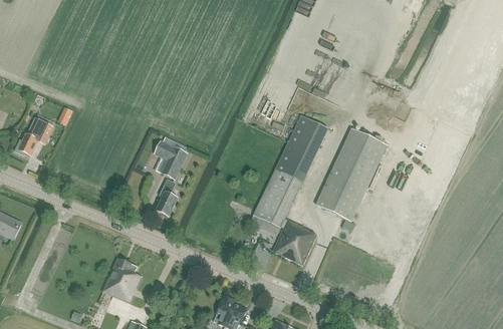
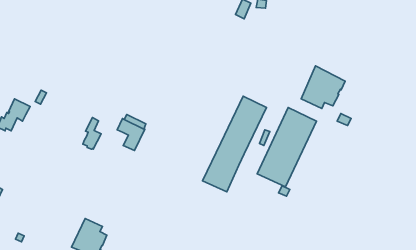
building: none -> [301,66,345,108]
building: [156,180,177,217] -> [83,117,101,149]
building: [271,219,315,265] -> none

